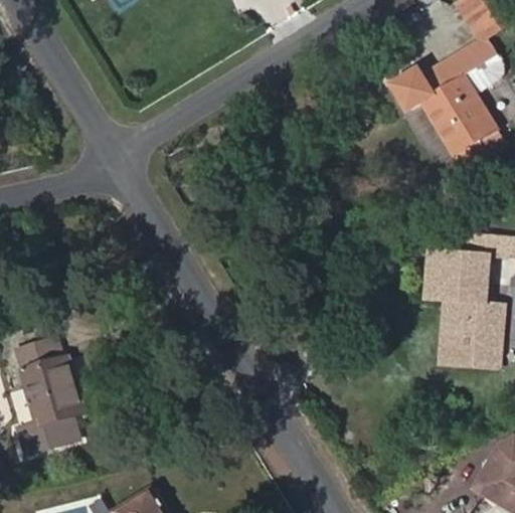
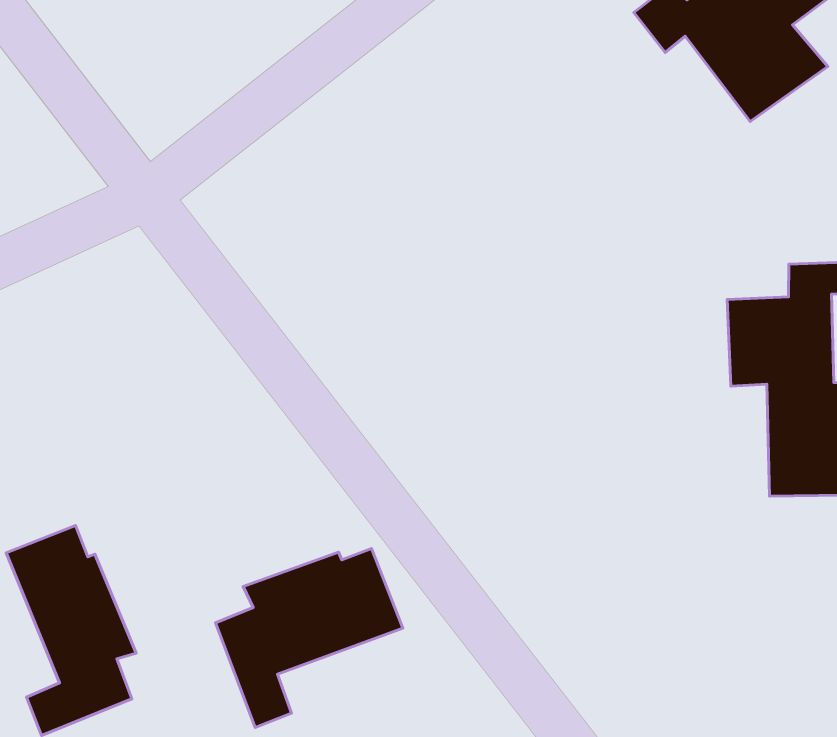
building: none -> [215,548,403,727]

